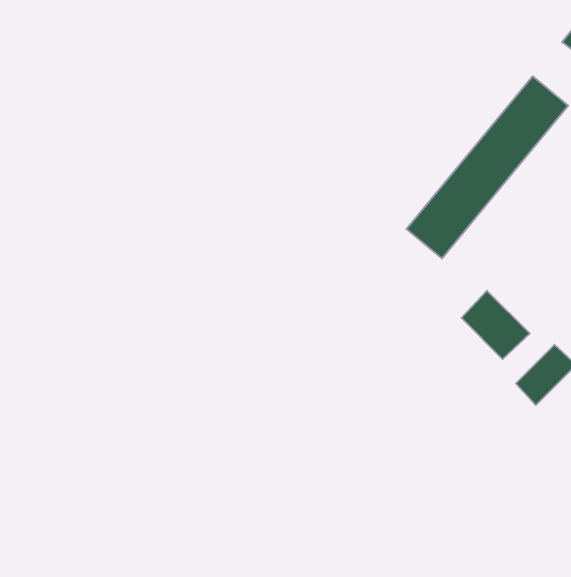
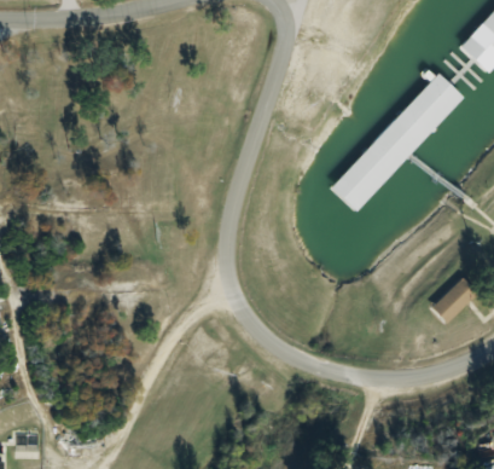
building: [461,291,530,359] -> none

